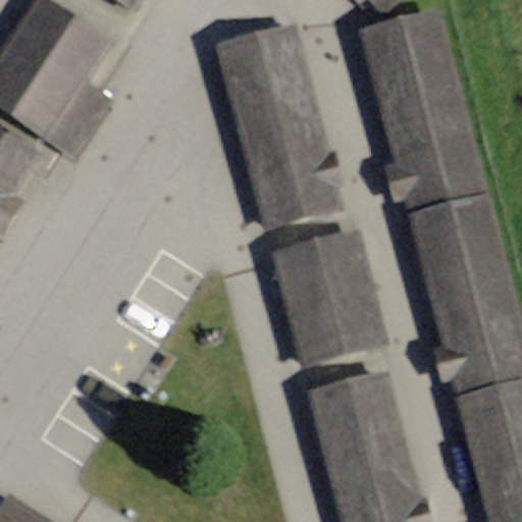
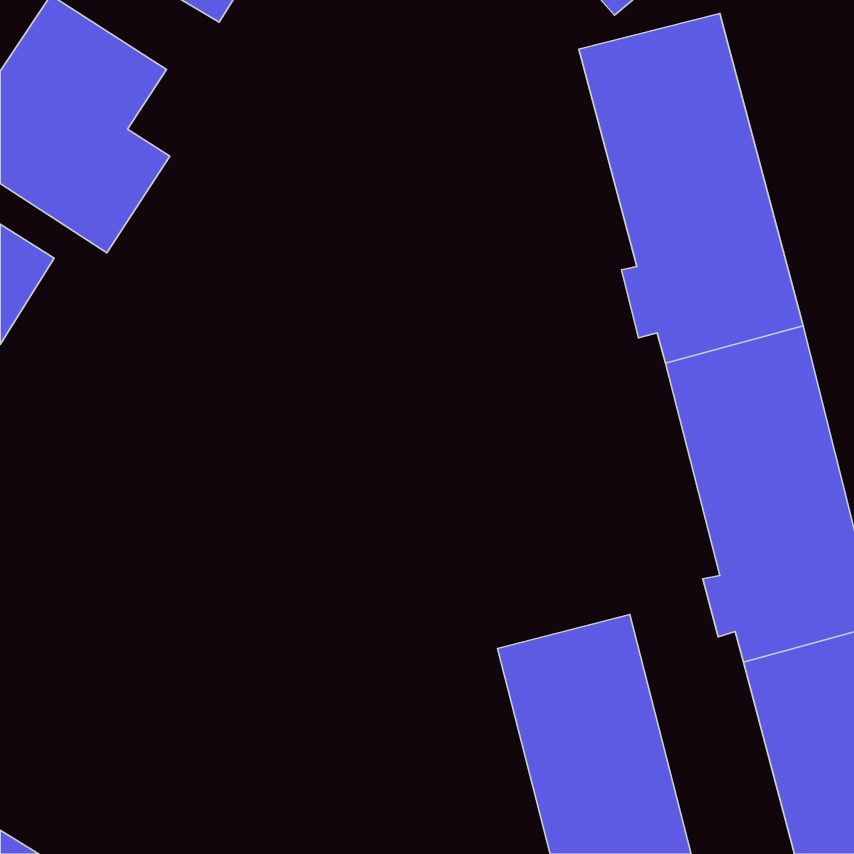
building: [215,24,342,226] -> none
building: [275,228,388,362] -> none

